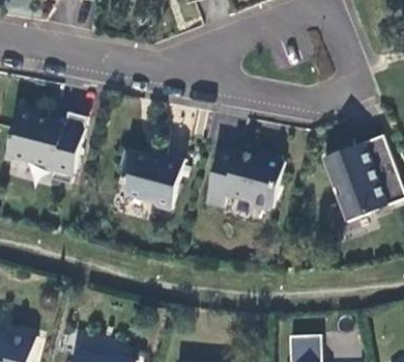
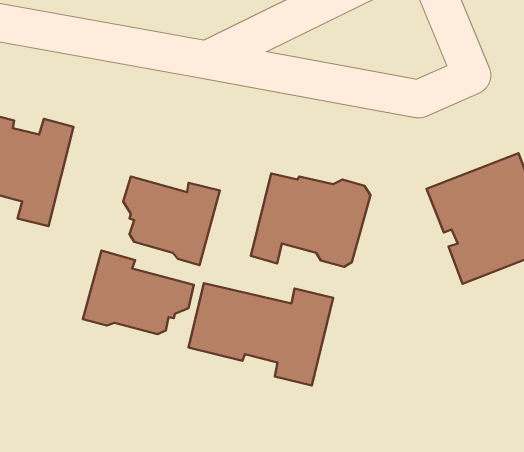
building: none -> [83,251,194,334]
building: none -> [188,283,333,385]

